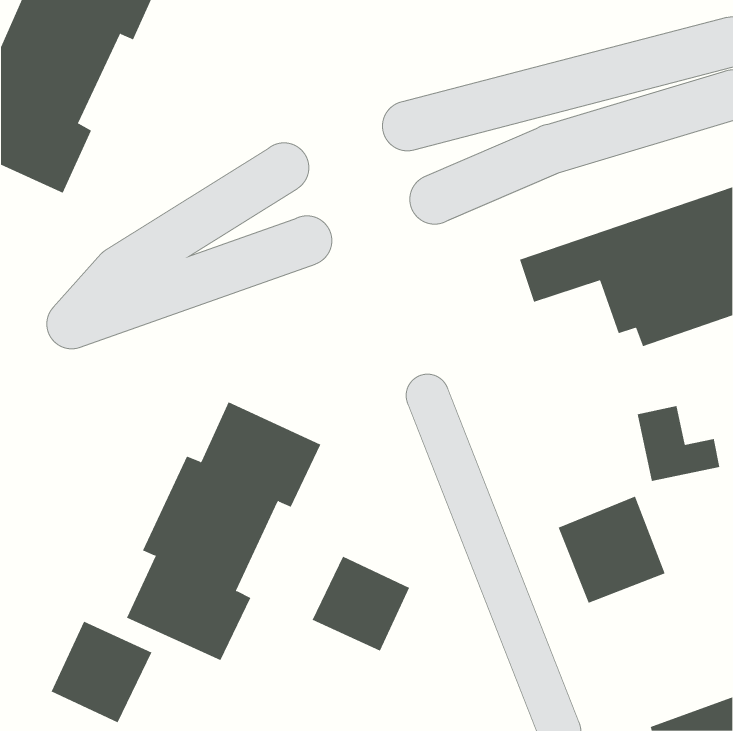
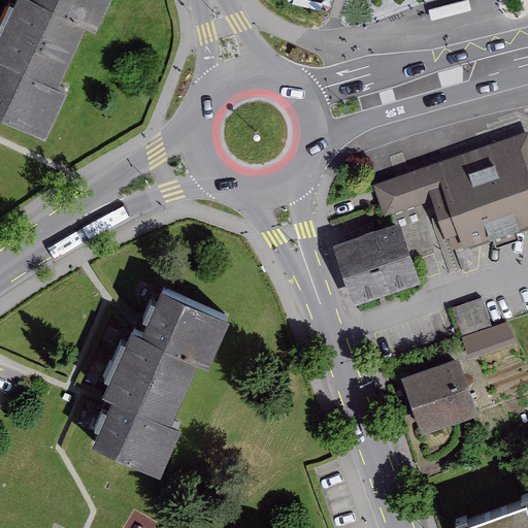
building: none -> [333,226,418,305]
building: [312,556,410,652] -> none
building: [51,621,152,723] -> none

